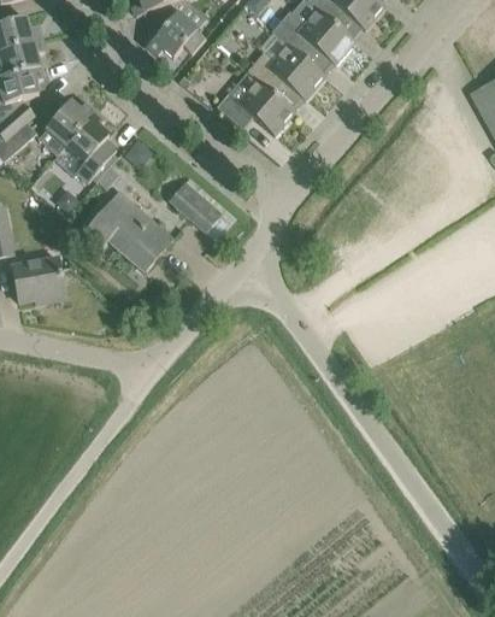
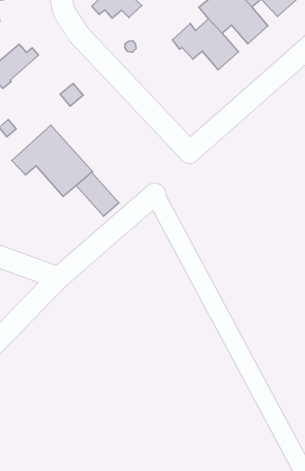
building: [216,80,294,135] -> none
building: [64,111,116,182] -> none
building: [169,182,220,231] -> [76,172,119,216]

